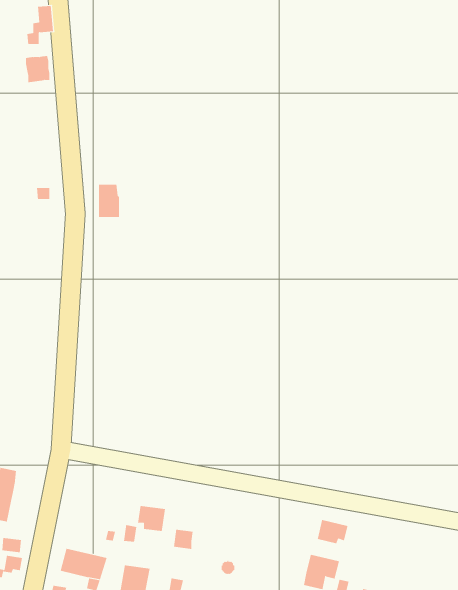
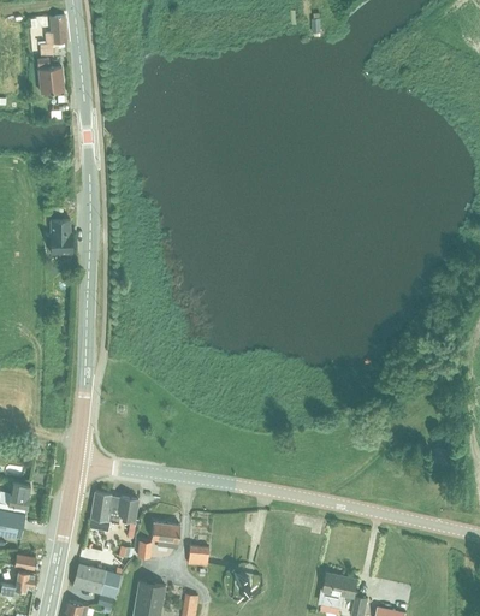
building: [98,184,120,217] -> [51,220,72,254]
building: none -> [90,492,138,531]
building: [317,519,348,544] -> none

